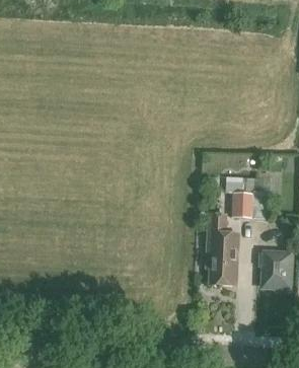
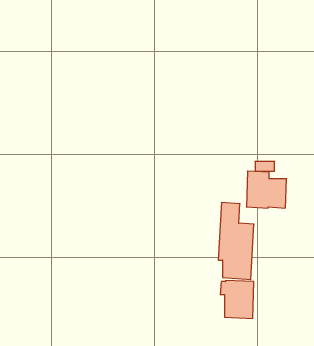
building: [259,251,291,287] -> [220,280,254,318]

